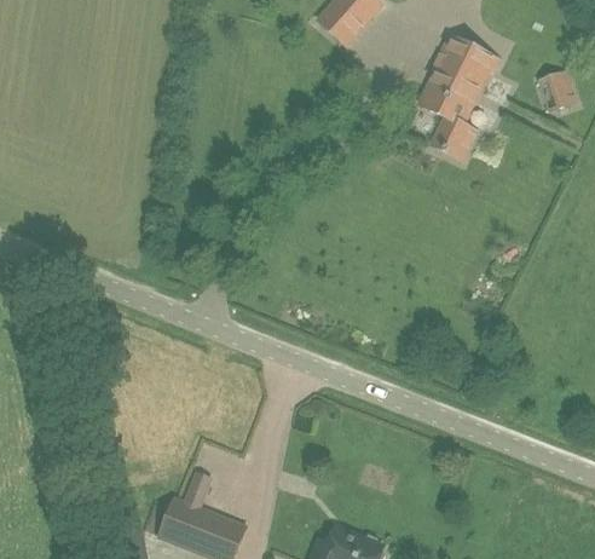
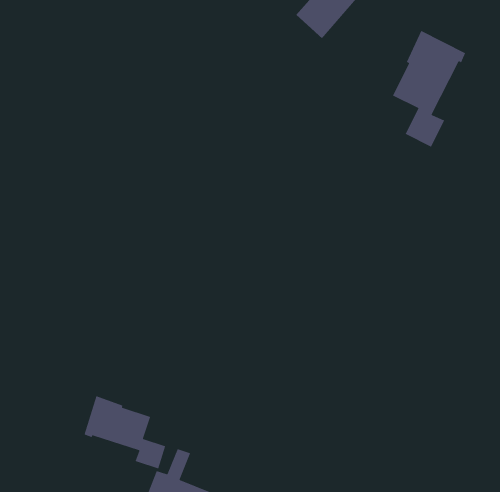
building: none -> [83,395,166,469]

